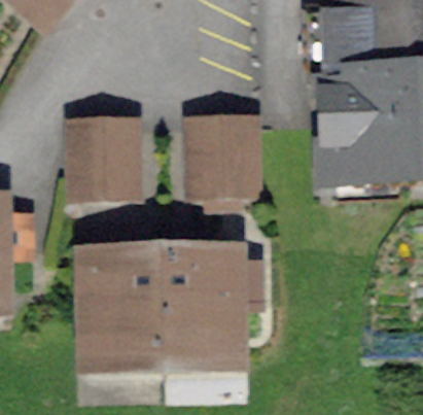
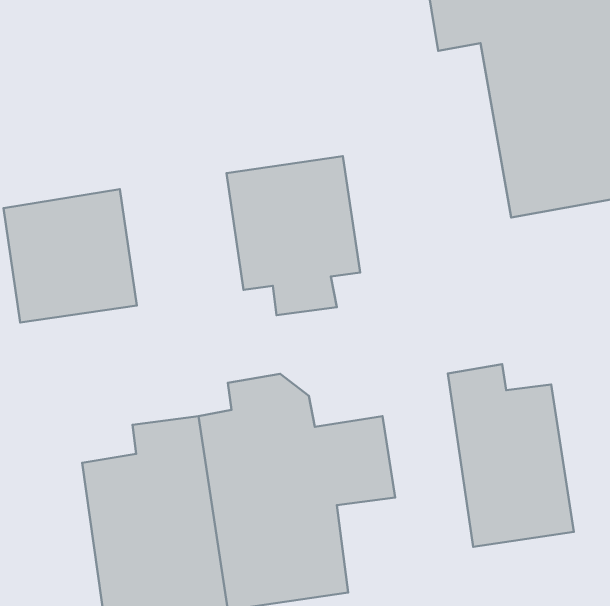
building: none -> [448,364,574,547]

